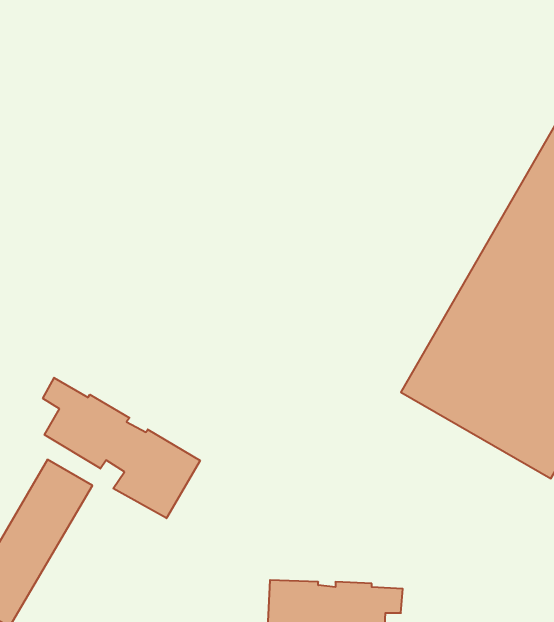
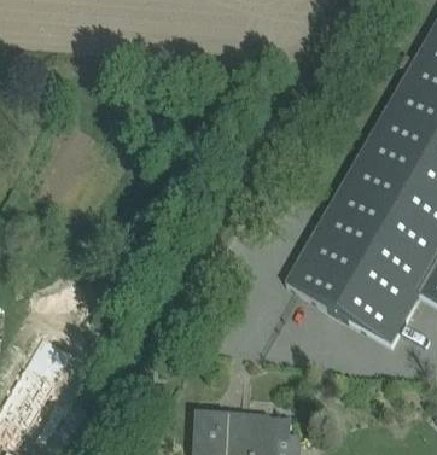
building: [43,378,200,518] -> none

